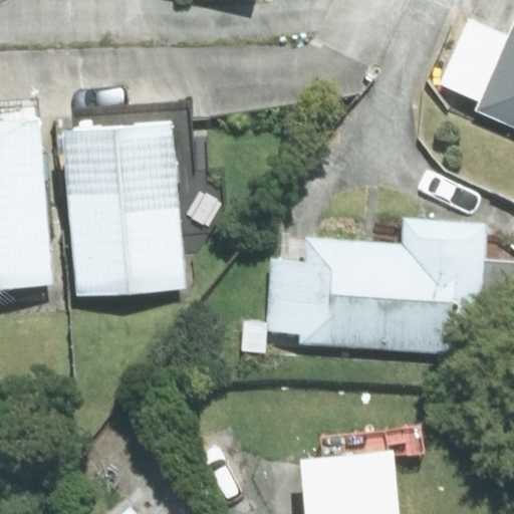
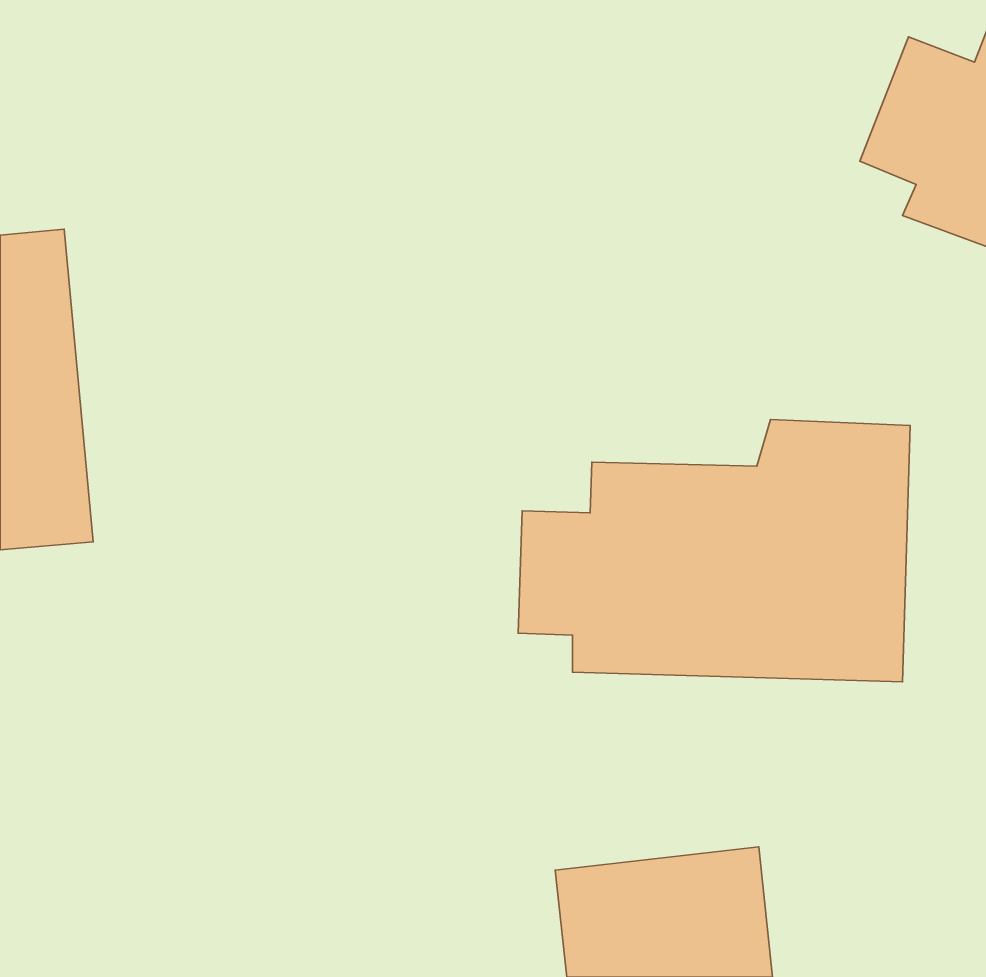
building: [59,123,186,294] -> none

